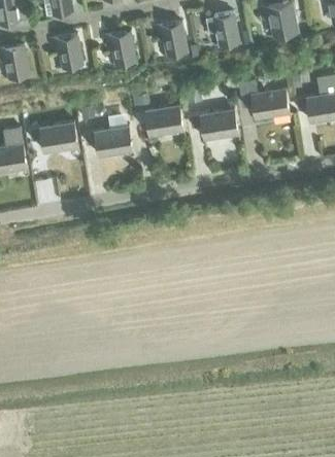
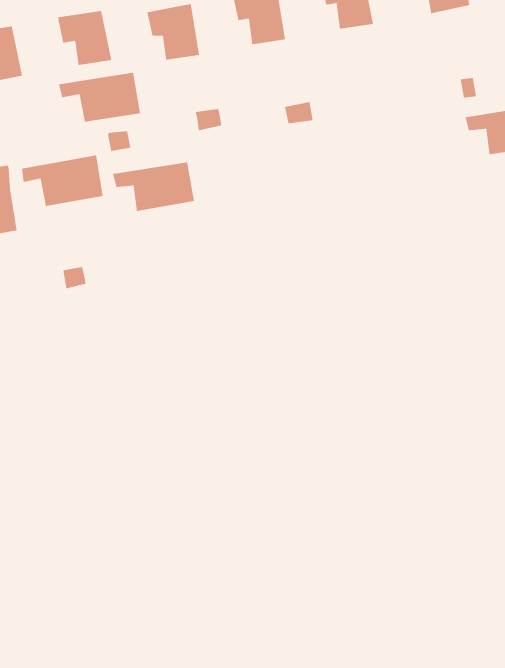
building: [239,87,289,117] -> none
building: [133,105,182,135] -> [58,72,141,122]
building: [189,108,237,138] -> none

